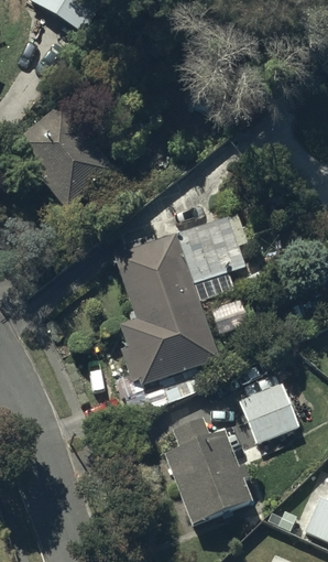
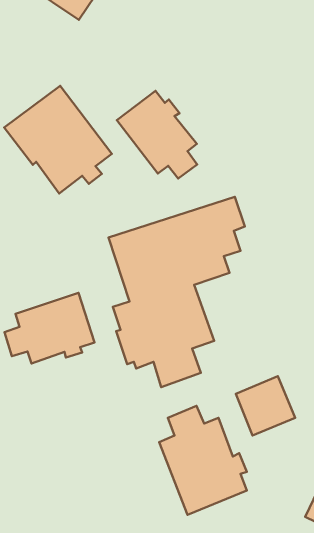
building: none -> [117,91,197,179]
building: none -> [4,293,94,363]

